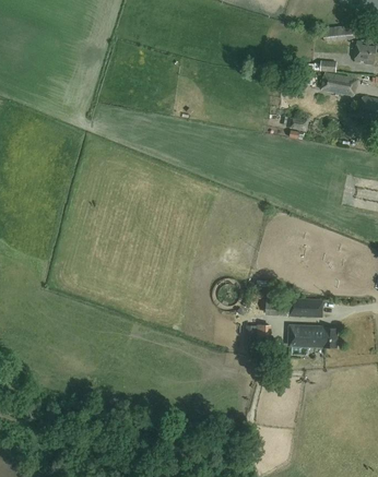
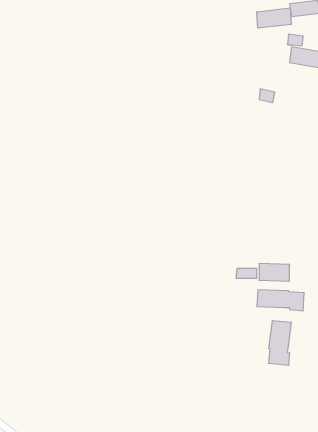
building: none -> [257,8,291,28]
building: none -> [269,320,291,365]

